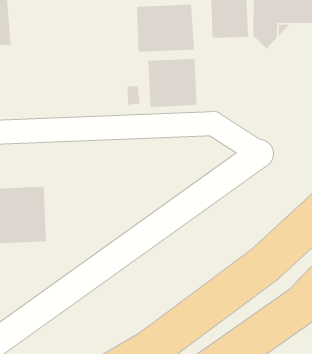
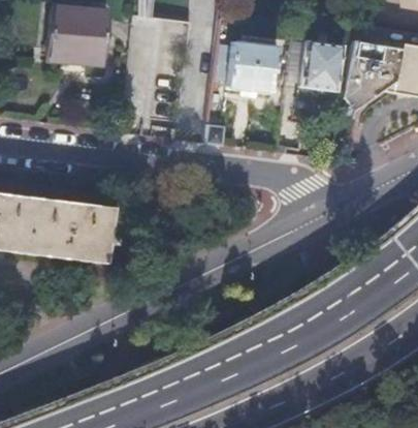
building: [147,58,198,108] -> none

